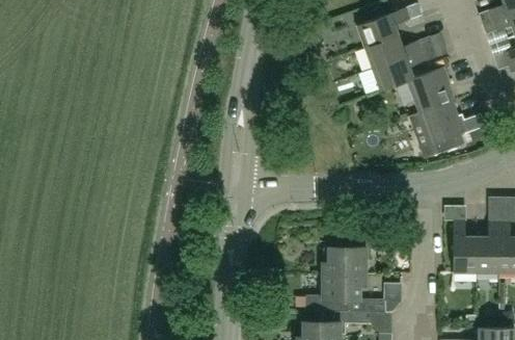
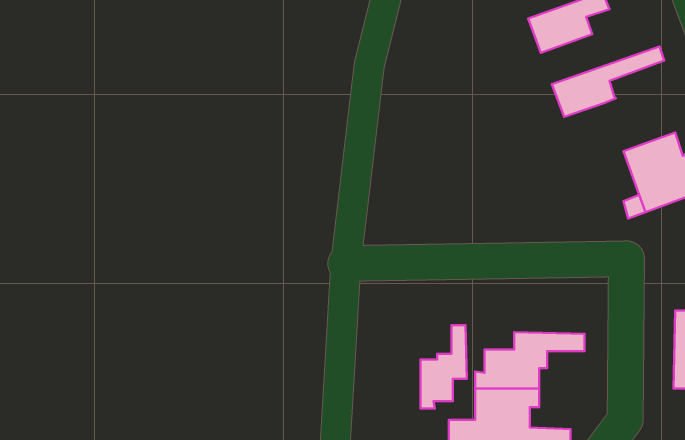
building: [365,34,444,70] -> none
building: [408,67,455,114] -> none
building: none -> [421,325,467,408]

